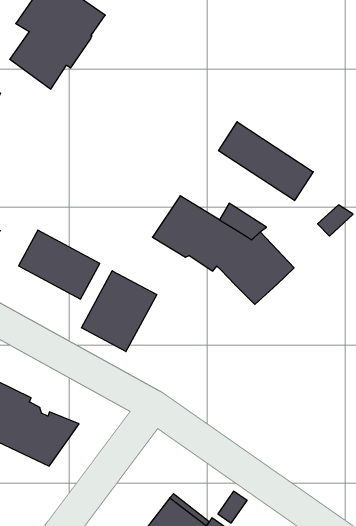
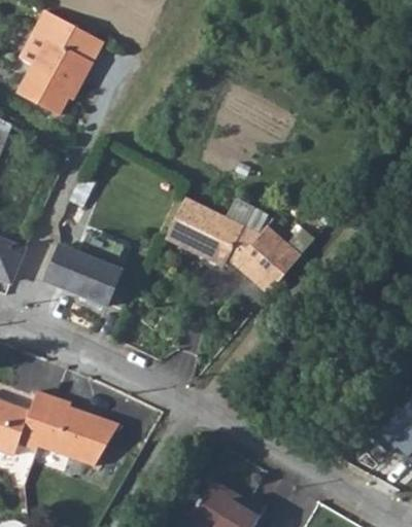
building: [219,122,313,201] -> none
building: [82,271,157,352] -> none

